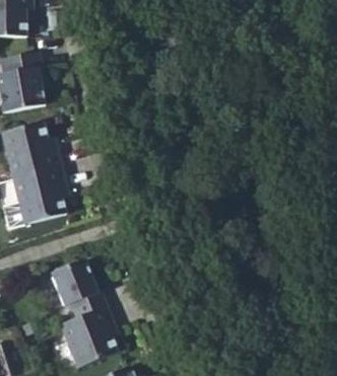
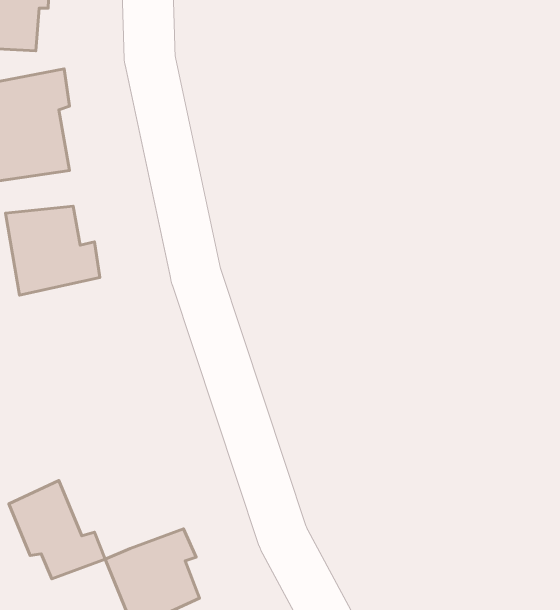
building: [14,166,64,215] -> none
building: [53,265,108,320] -> [9,481,105,579]

